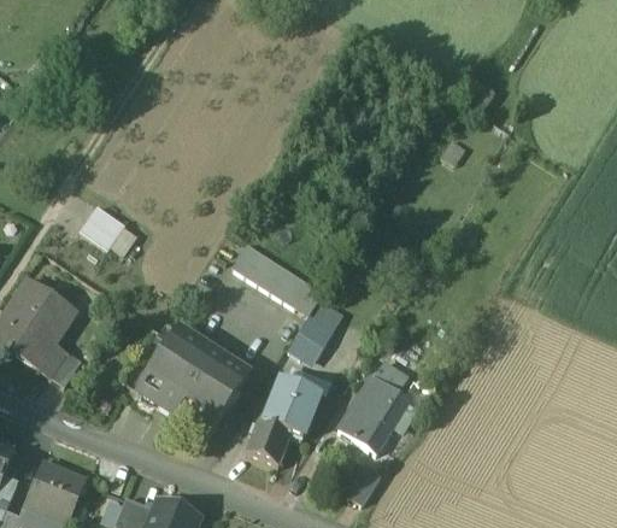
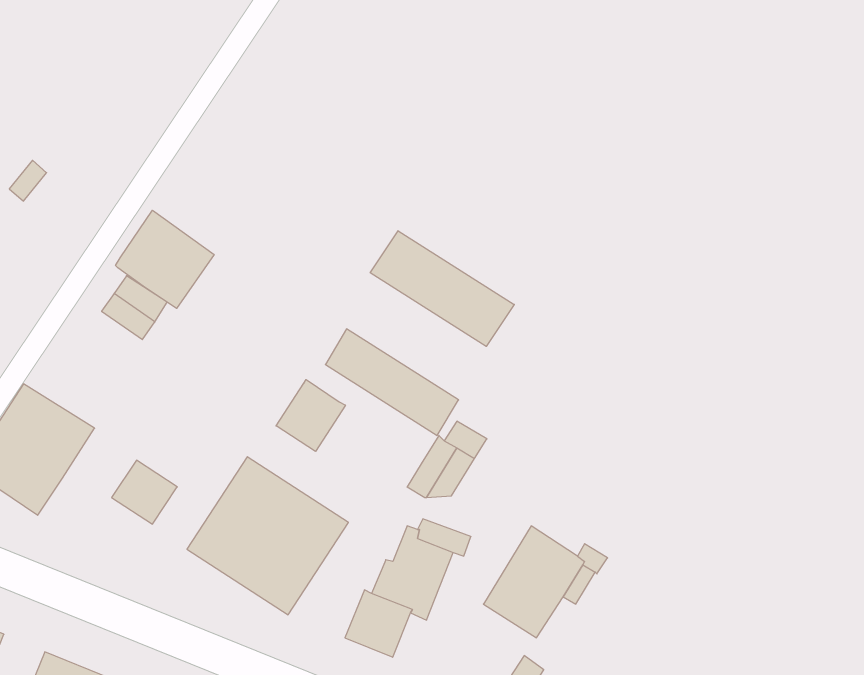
building: none -> [116,210,214,308]
building: none -> [370,231,514,346]
building: none -> [276,380,345,451]
building: [36,342,81,386] -> [112,460,177,524]

